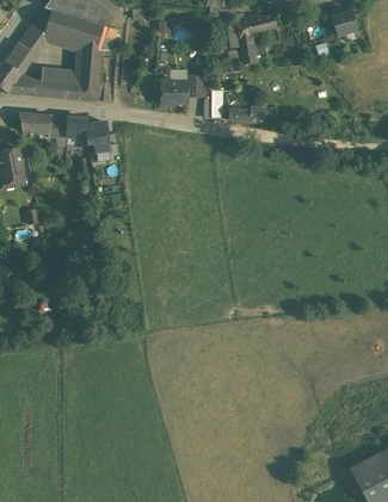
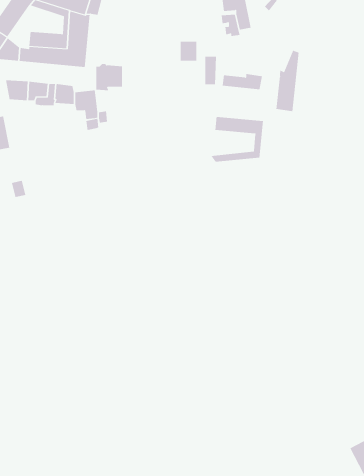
building: [161,79,187,105] -> [96,64,123,91]
building: none -> [276,50,299,112]
building: none -> [210,116,264,162]

